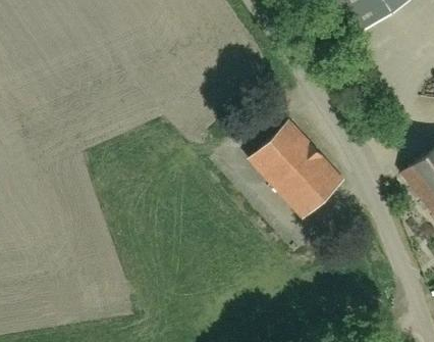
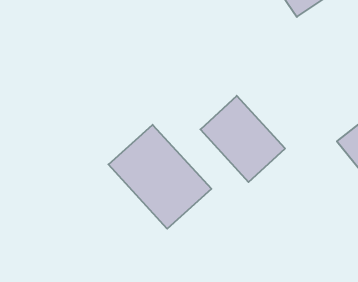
building: none -> [108,125,211,229]

